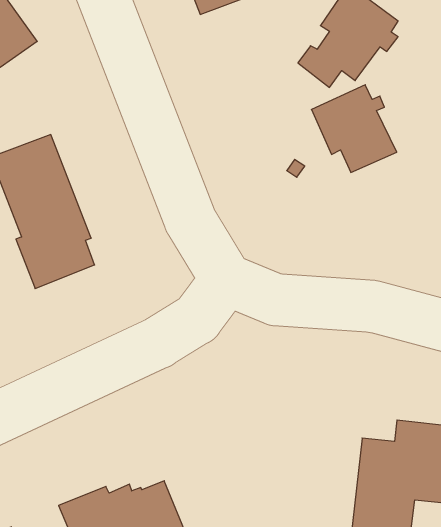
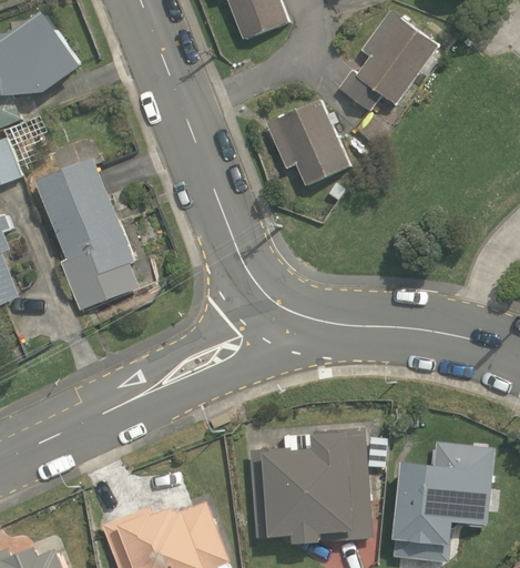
building: [311,85,397,172] -> [266,100,350,186]
building: none -> [251,425,375,540]

